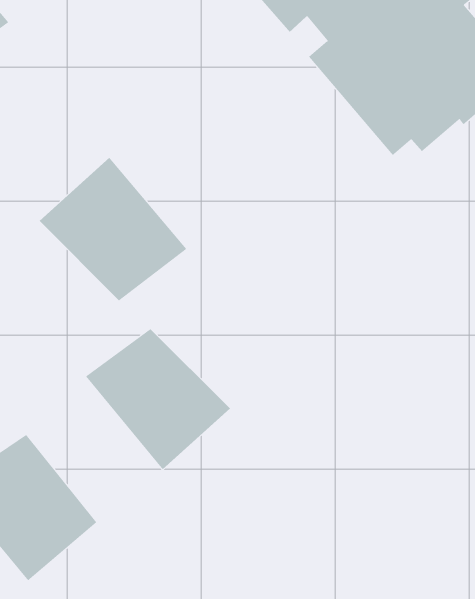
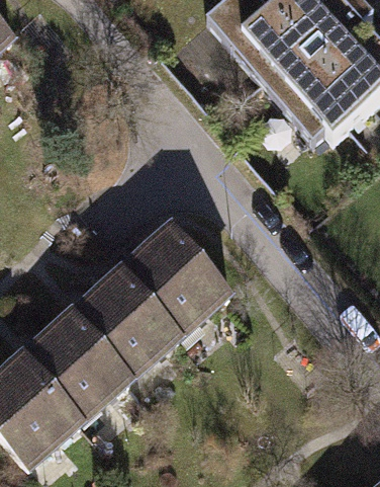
building: [39,157,187,301] -> [122,223,234,332]
building: none -> [28,308,131,418]

